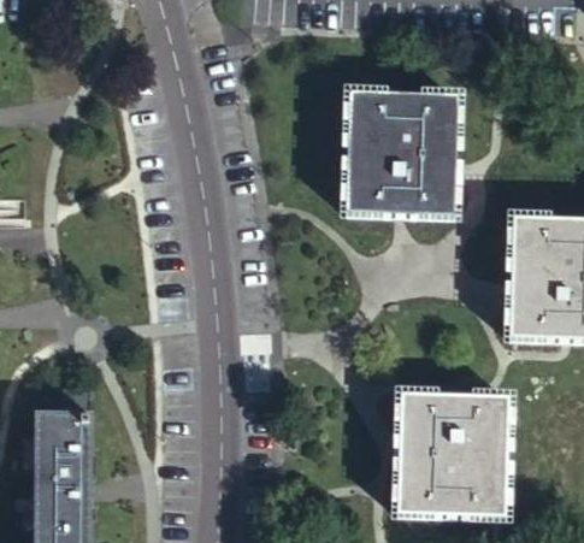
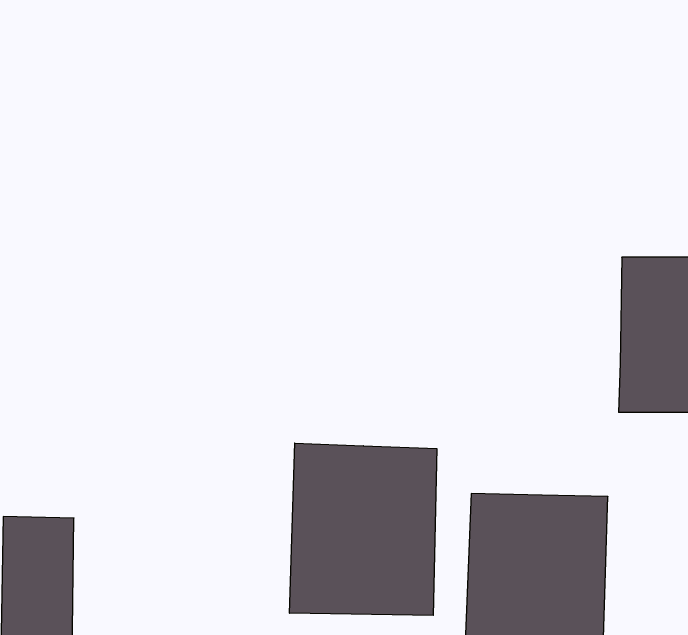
building: [347,93,453,213] -> none
building: none -> [290,443,437,615]

